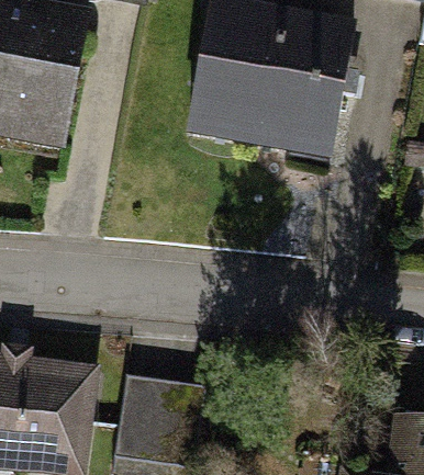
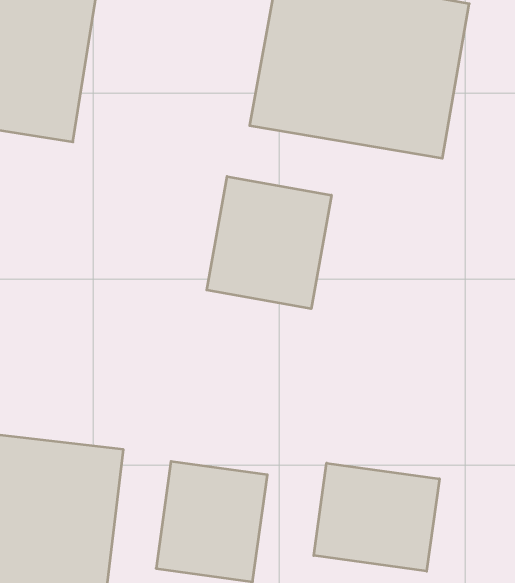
building: none -> [207,176,331,309]
building: none -> [314,463,439,571]

